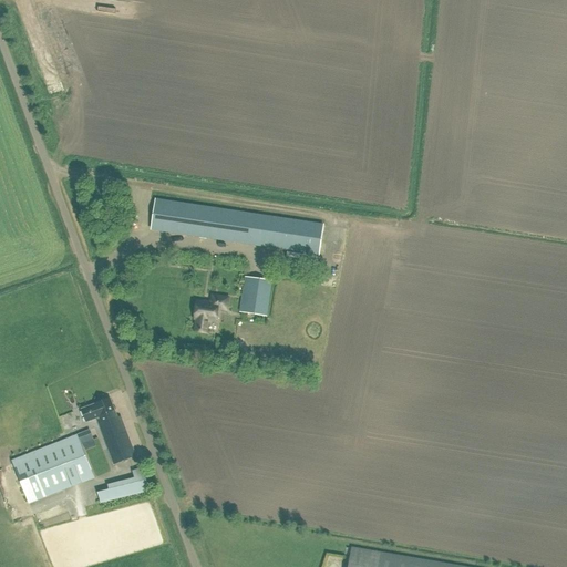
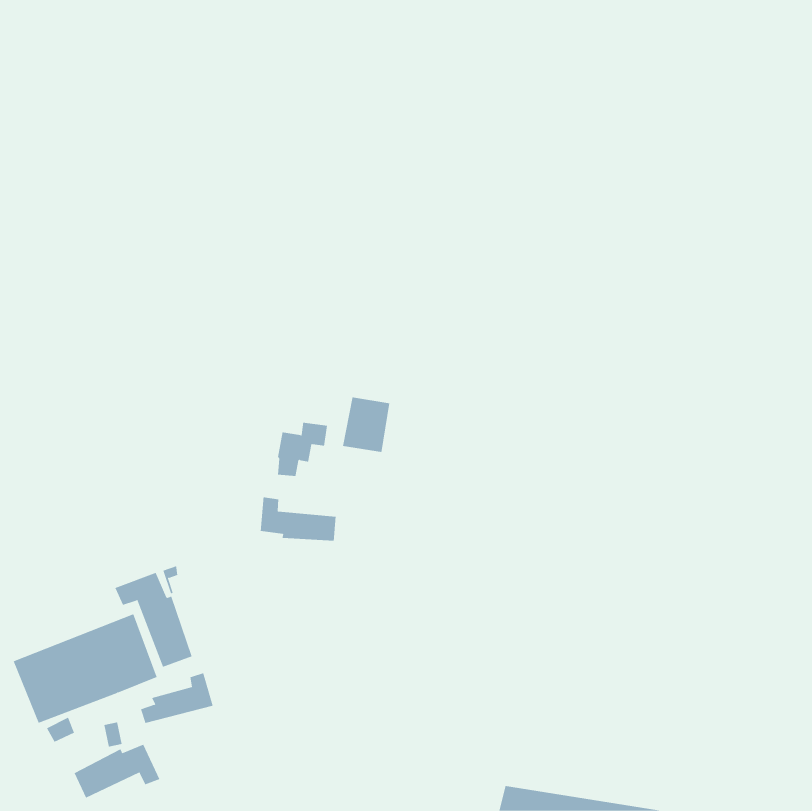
building: [148,197,322,254] -> none
building: none -> [260,497,336,542]
building: none -> [74,744,160,799]

